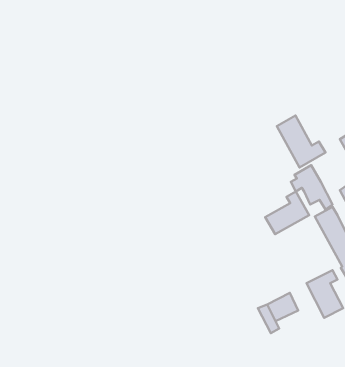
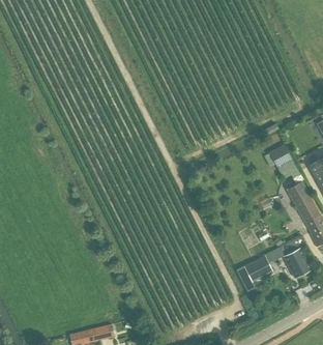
building: [277,115,325,167] -> none
building: [265,191,309,234] -> none

